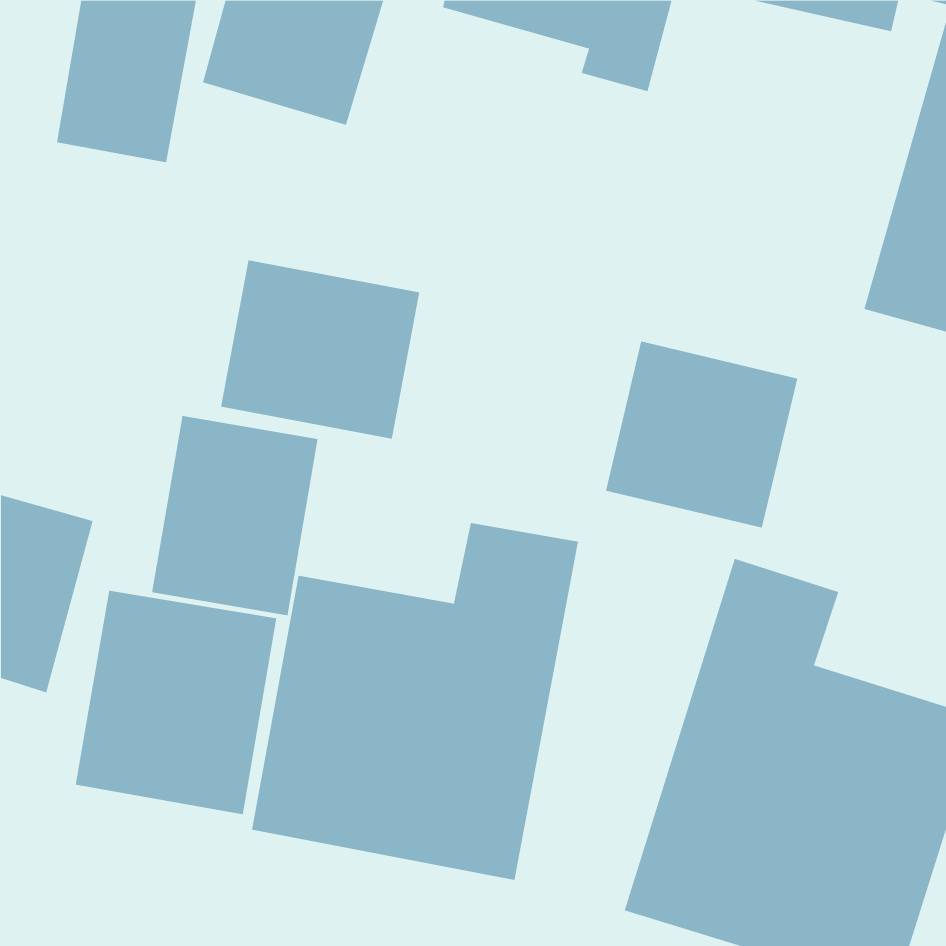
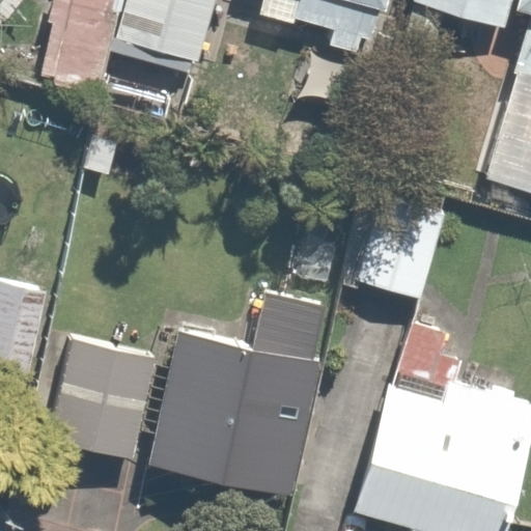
building: [220,260,420,439] -> none
building: [151,415,318,616] -> none

